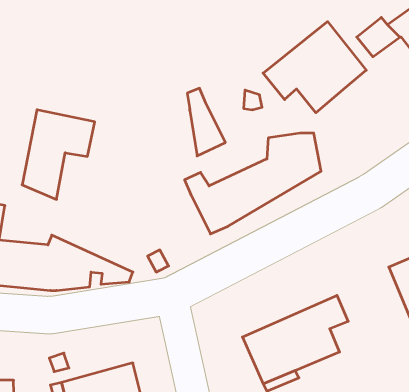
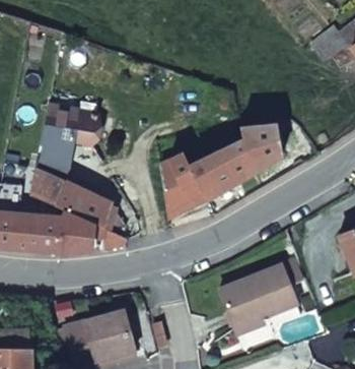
building: [263,22,366,113] -> none
building: [187,88,225,156] -> [159,162,191,218]
building: none -> [30,166,112,228]

